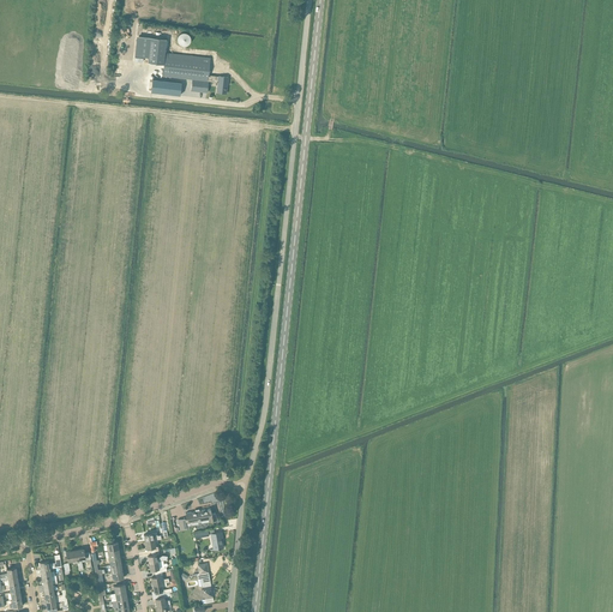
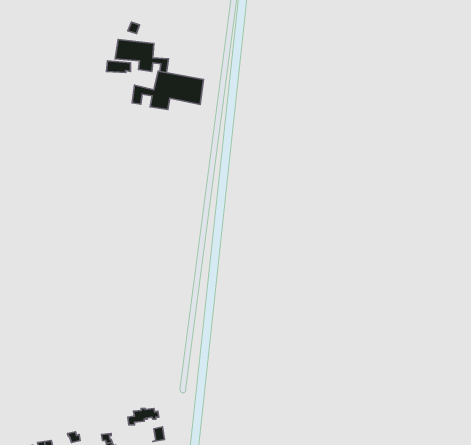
building: [134,36,166,65] -> none
building: none -> [132,71,204,109]

